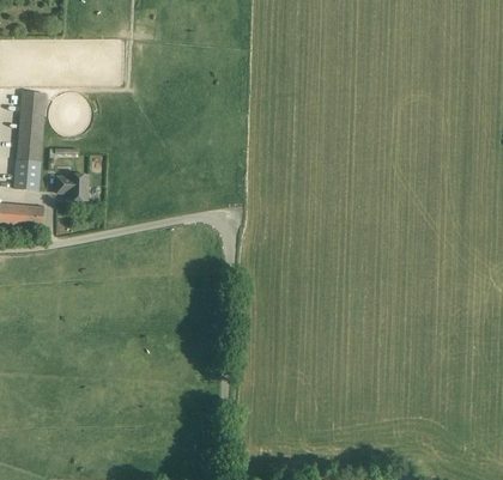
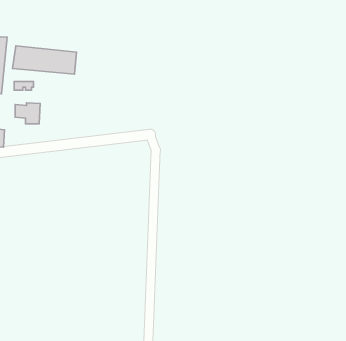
building: none -> [13,46,77,74]

